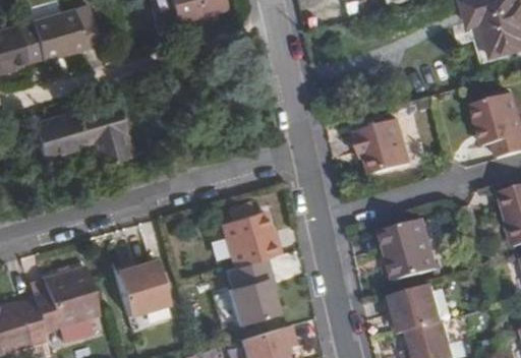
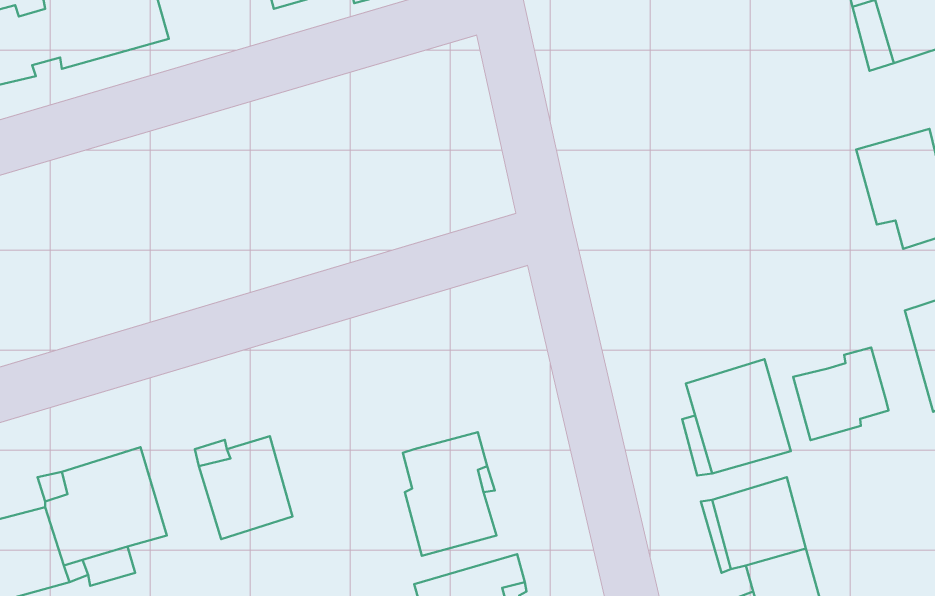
building: [32,100,132,169] -> none
building: [356,120,410,176] -> none
building: [220,203,280,267] -> none
building: none -> [793,347,888,440]

